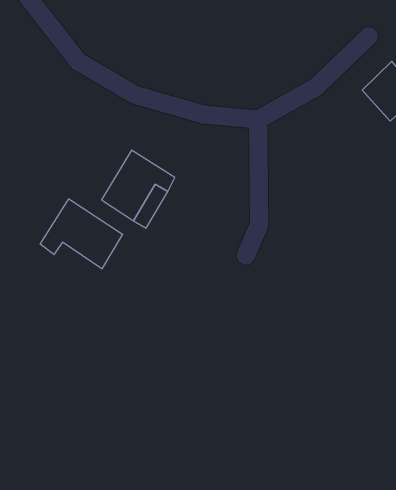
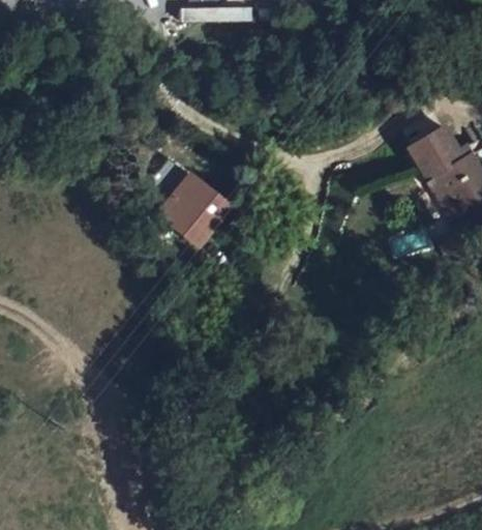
building: [40,199,123,269] -> none

